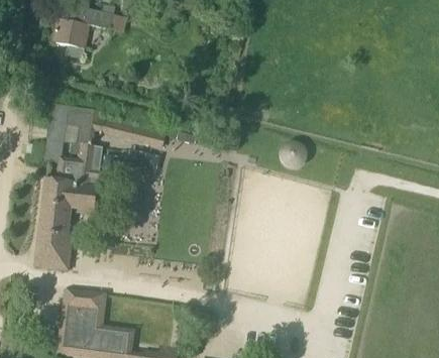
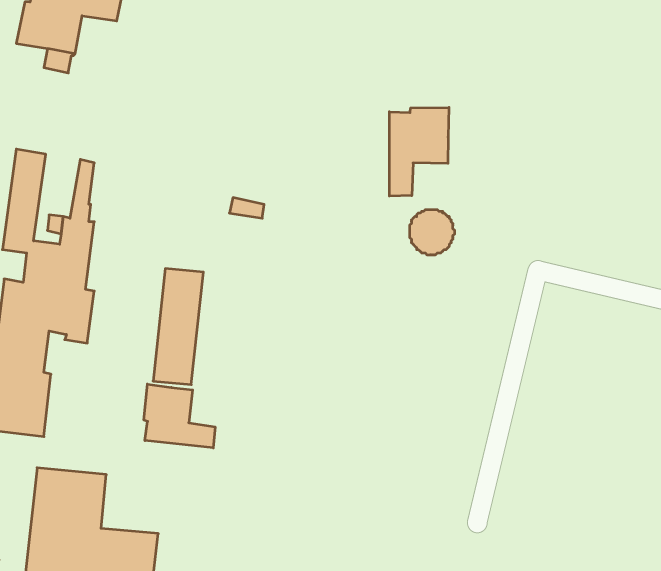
building: none -> [389,107,449,196]
building: none -> [144,384,215,448]

